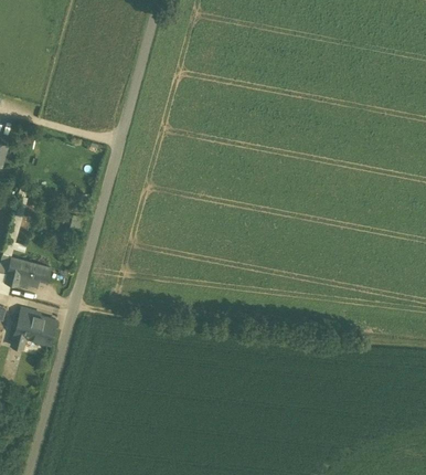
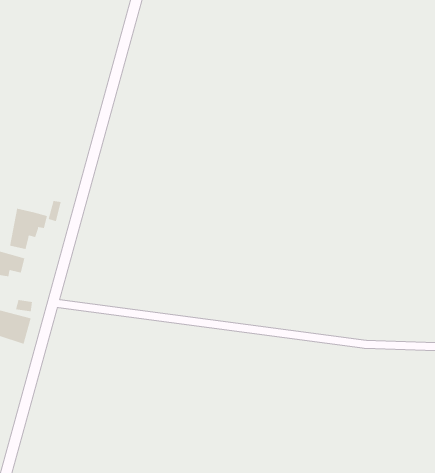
building: none -> [10,208,47,250]

